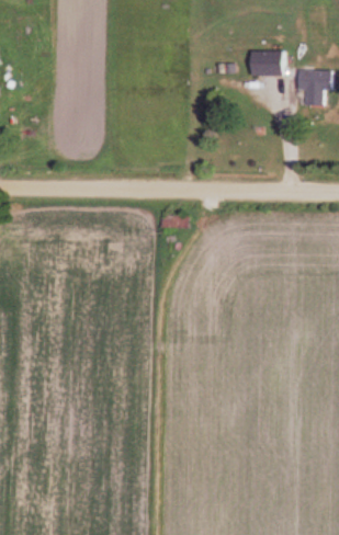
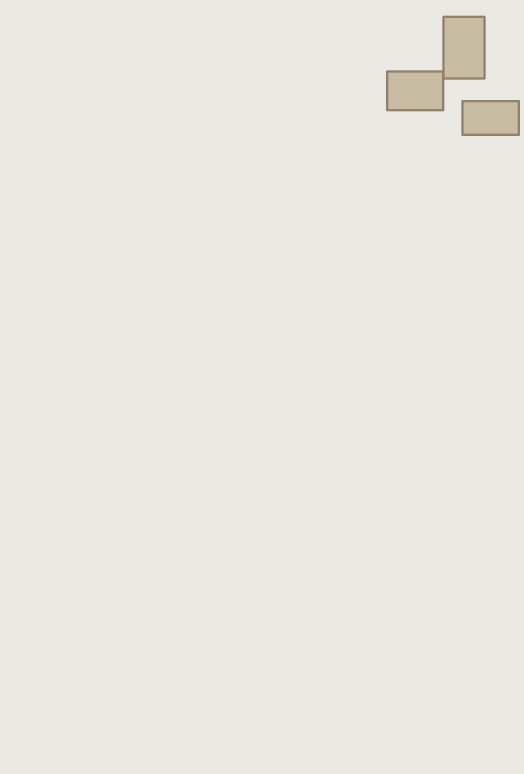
building: none -> [444,17,484,79]

